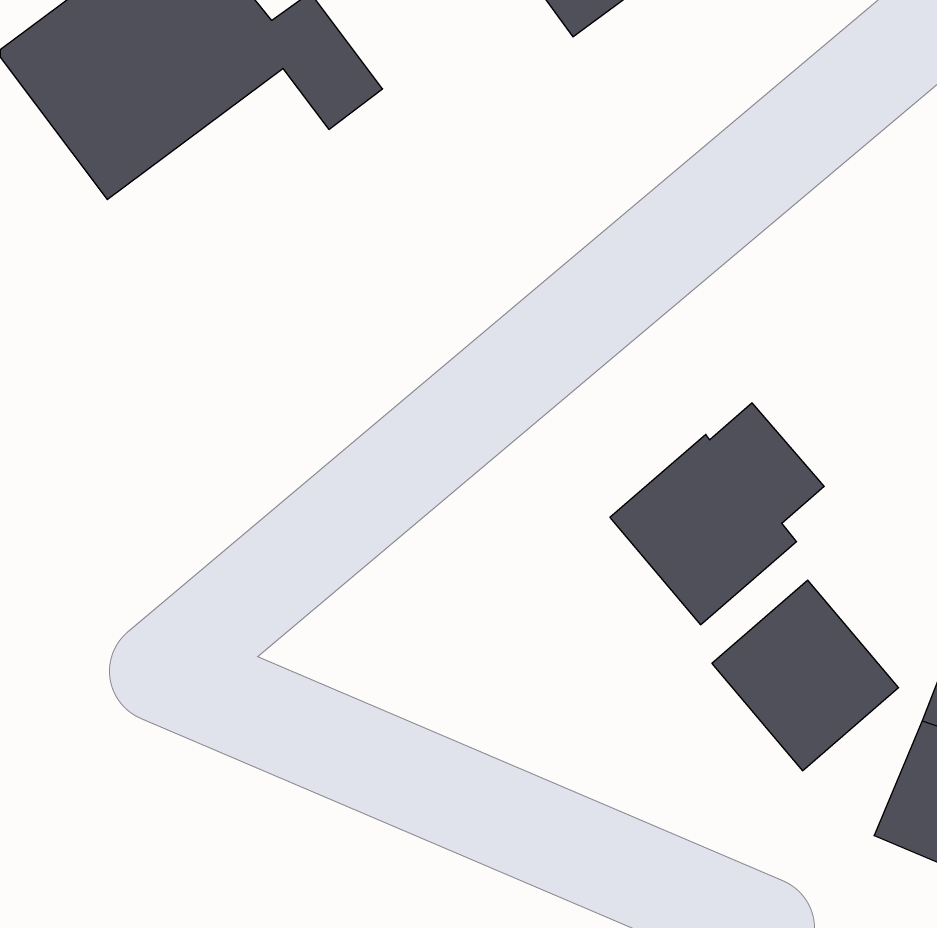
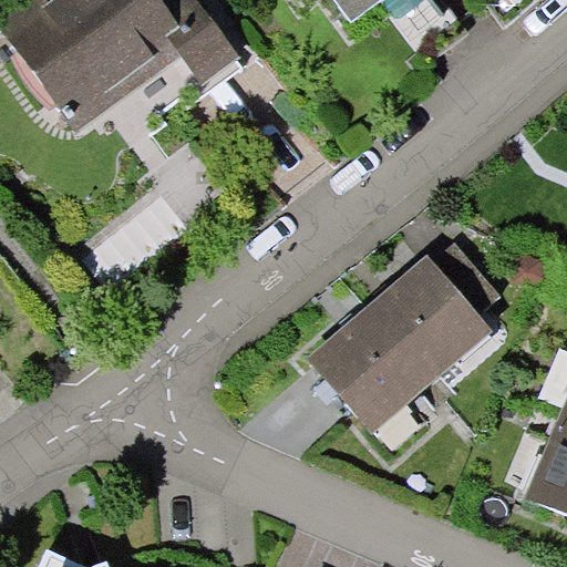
building: [712,580,899,771] -> [312,310,424,424]

